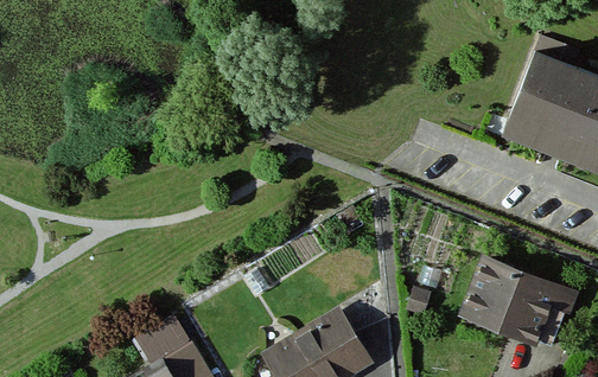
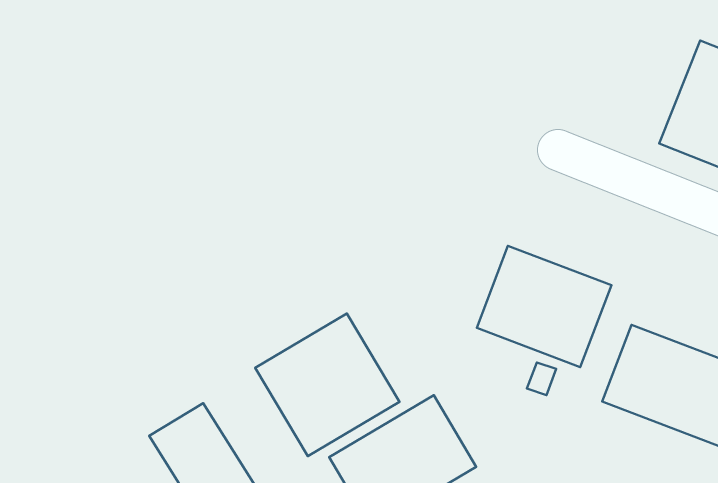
building: none -> [477,246,612,367]
building: none -> [255,313,399,456]

